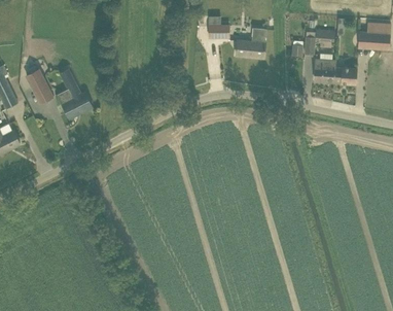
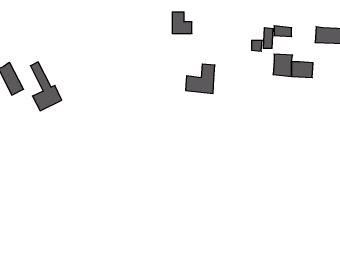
building: [235,27,265,58] -> [186,64,215,93]

